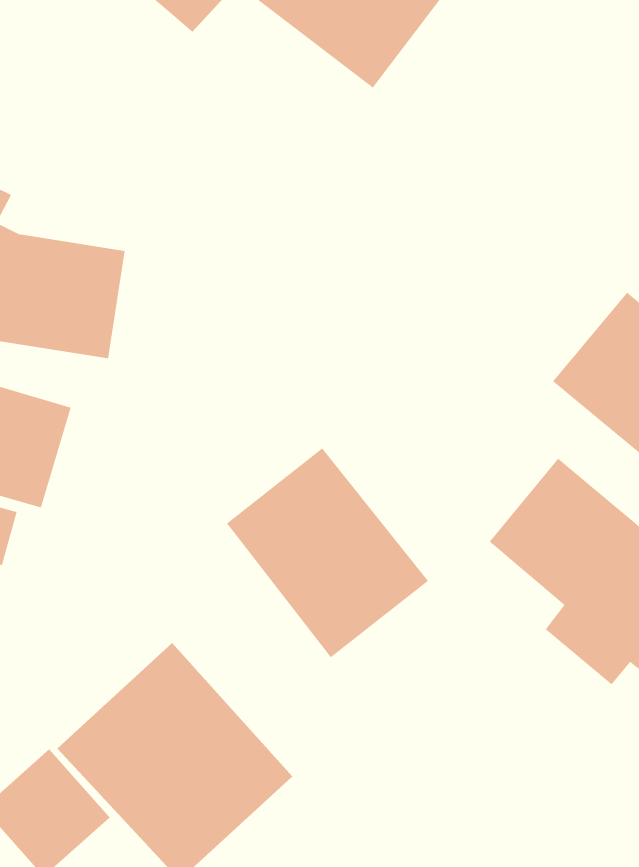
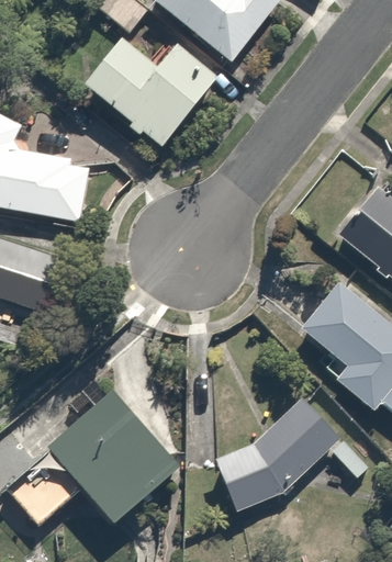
building: none -> [89,40,223,150]
building: [226,447,429,658] -> none
building: none -> [217,390,368,513]

